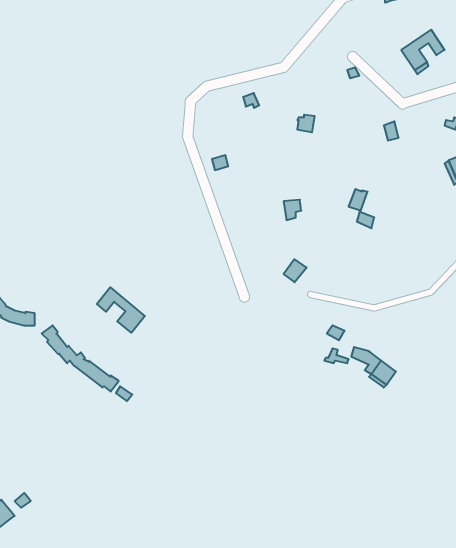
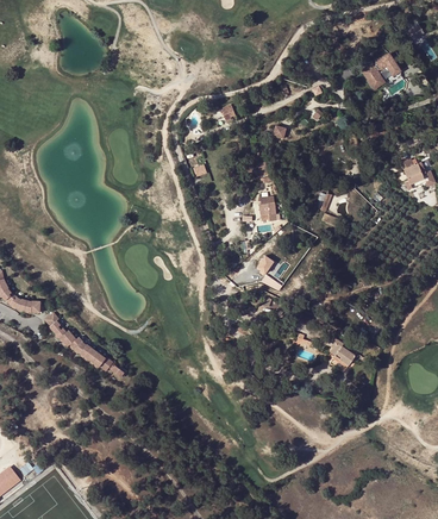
building: [97,287,145,333] -> none

